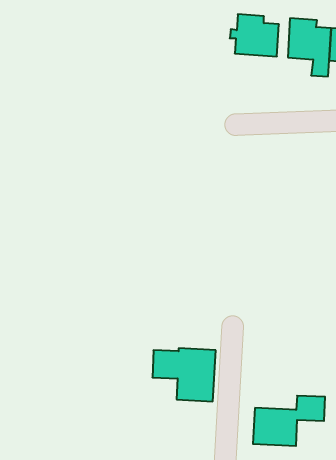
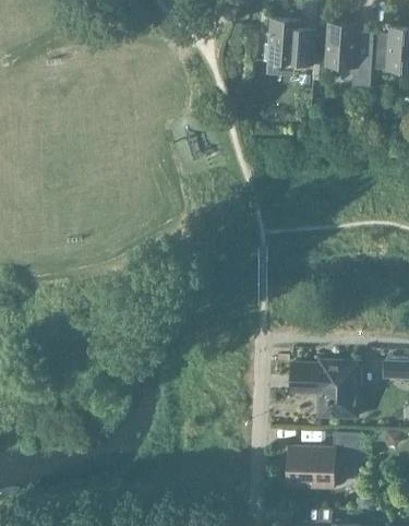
building: [152,348,216,401] -> [290,361,359,419]

